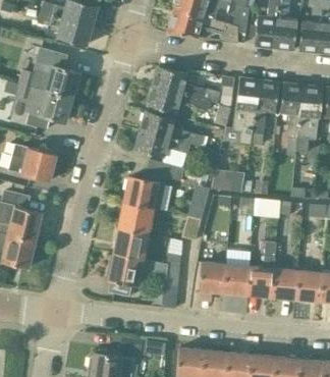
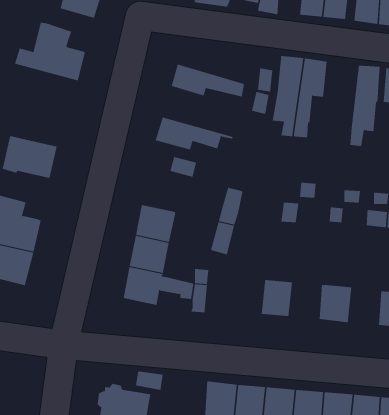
building: [154,64,219,101] -> none
building: [280,84,304,138] -> none
building: [16,85,72,130] -> none
building: [142,109,202,145] -> none
building: [211,171,244,194] -> none
building: [124,175,165,211] -> none
building: [246,240,277,295] -> none
building: [199,261,226,291] -> none
building: [295,269,322,301] -> none

